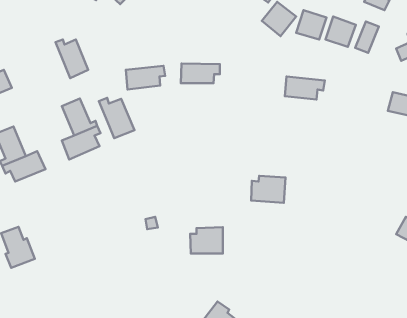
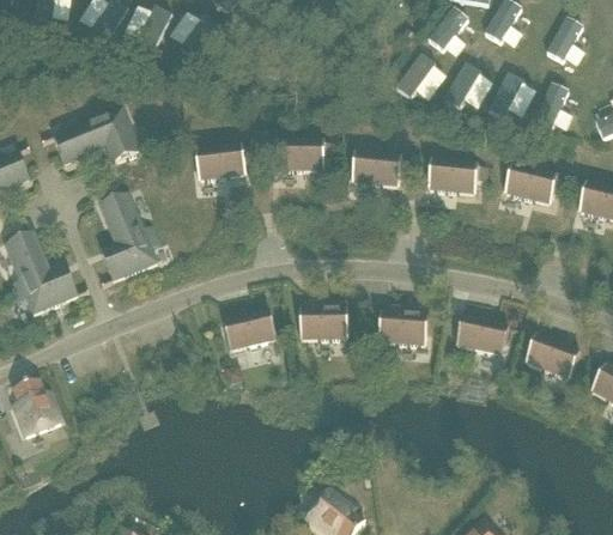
building: none -> [54,111,108,164]
building: none -> [352,153,411,187]
building: none -> [505,165,566,205]
building: [99,98,135,138] -> none
building: none -> [224,309,277,351]
building: none -> [456,312,510,355]
building: none -> [526,333,581,379]
building: [190,227,223,253] -> [301,302,348,340]

